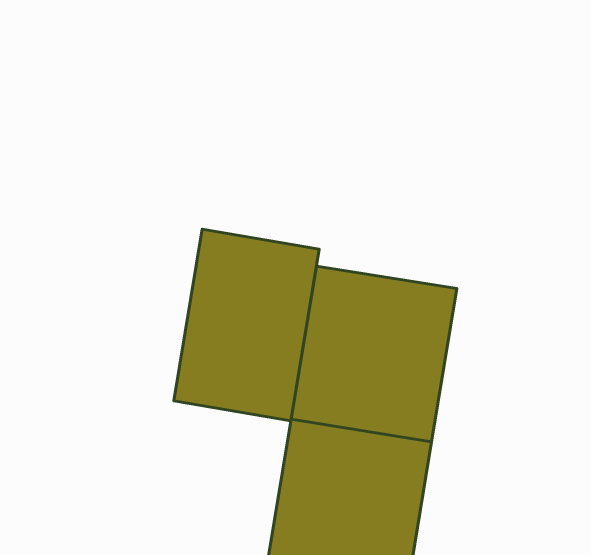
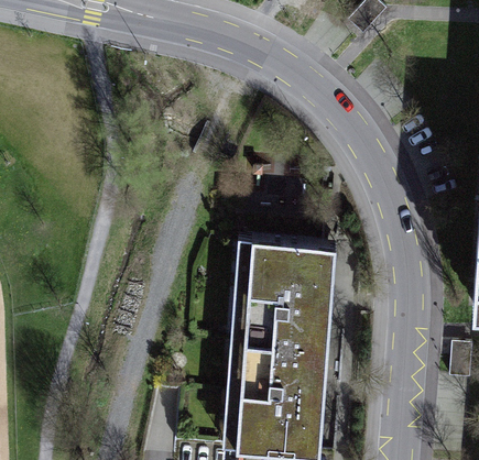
building: [174,229,319,421] -> none

